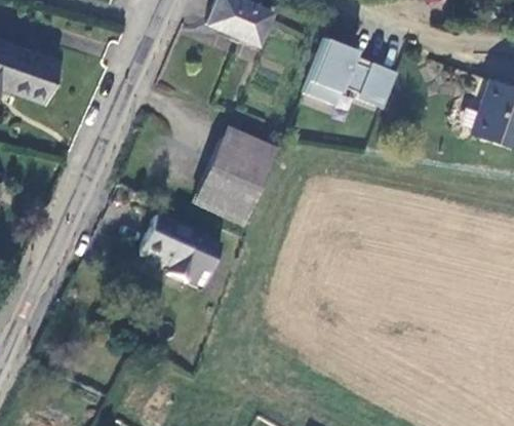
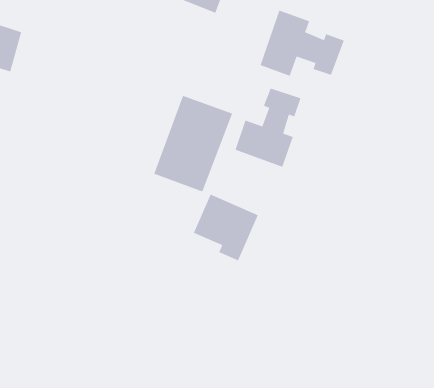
building: none -> [234,87,301,168]
building: [139,220,205,288] -> [193,194,259,262]

